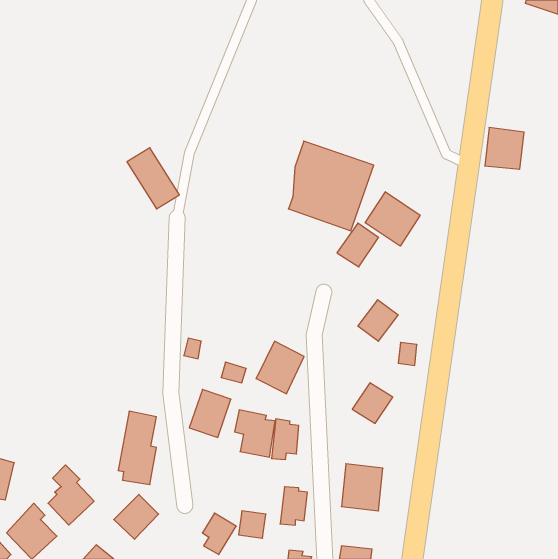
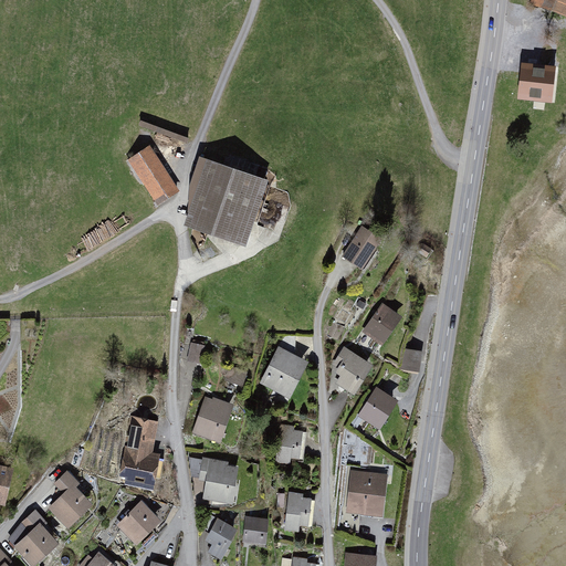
building: [485,128,524,169] -> [515,60,555,102]
building: [288,141,374,231] -> [186,164,272,254]
building: [365,192,420,246] -> none
building: none -> [331,345,373,395]
building: [235,410,275,457] -> [197,457,238,504]

